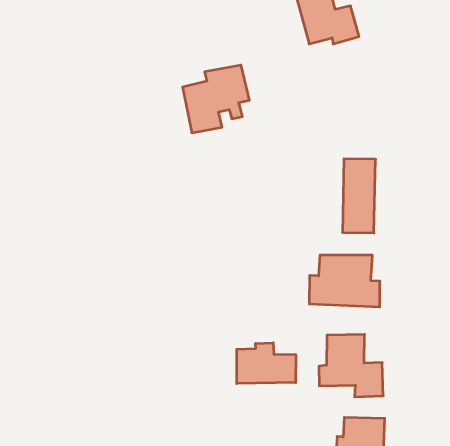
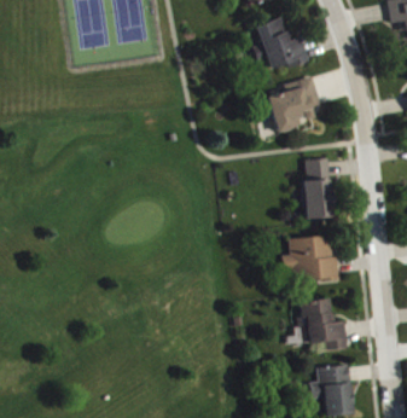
building: [183,65,249,133] -> [267,76,321,133]
building: [237,343,296,384] -> none

